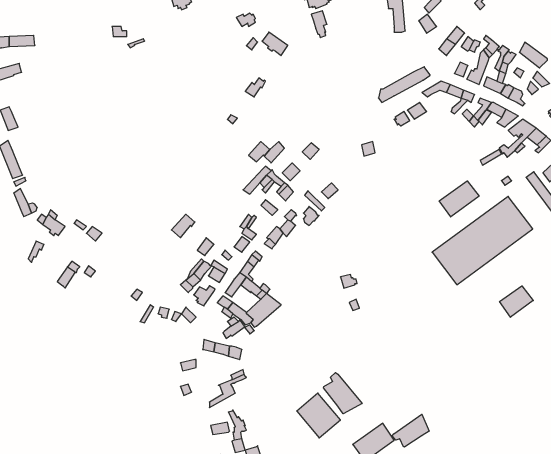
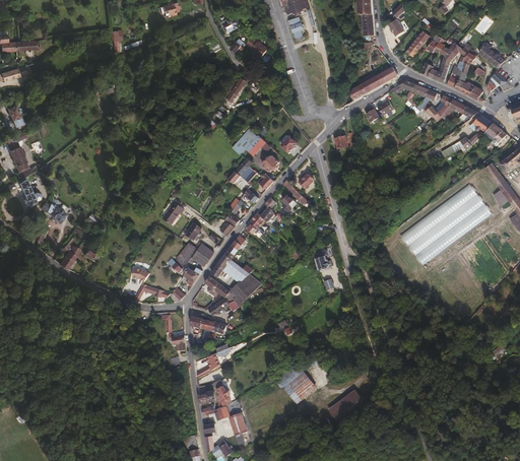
building: [439,181,479,217] -> none
building: [500,286,533,317] -> none
building: [324,373,362,414] -> none
building: [392,414,429,447] -> none

